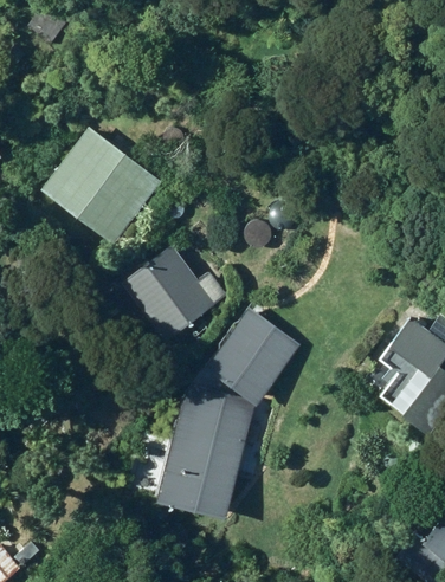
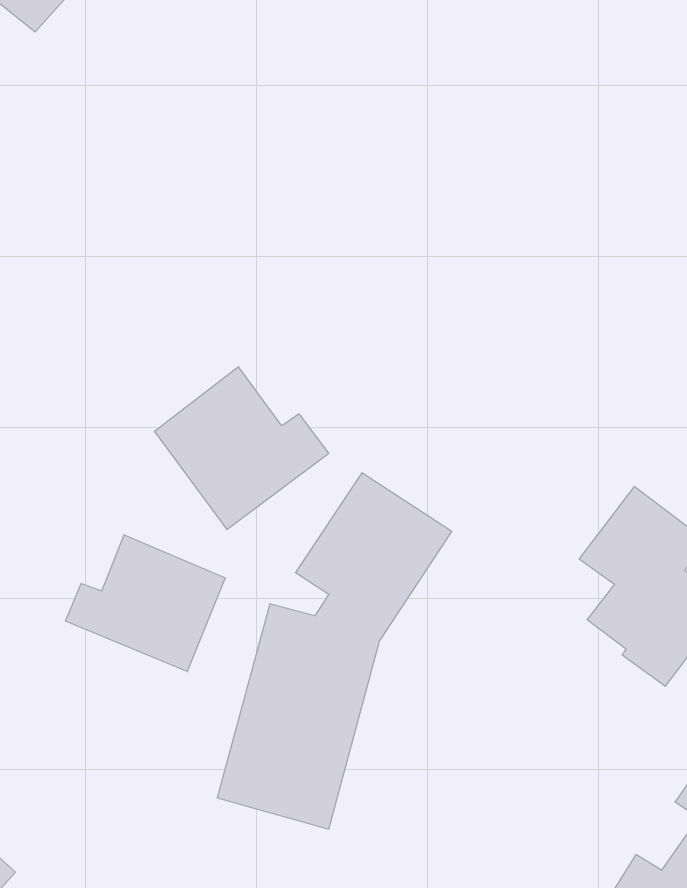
building: [41,128,160,245] -> none
building: none -> [66,535,225,672]

